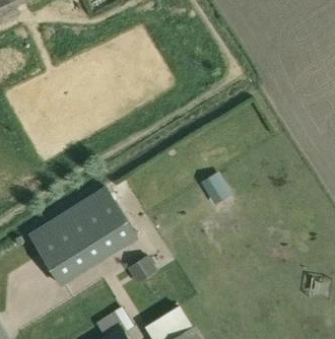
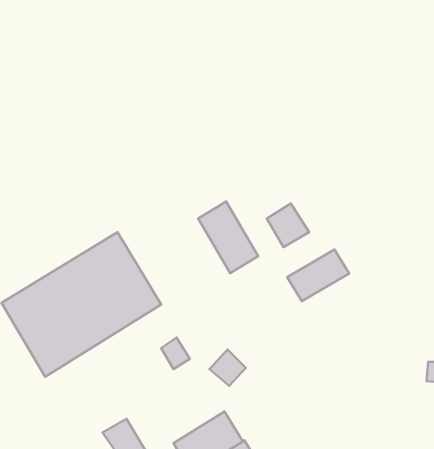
building: none -> [198,201,258,273]
building: none -> [287,249,349,301]

